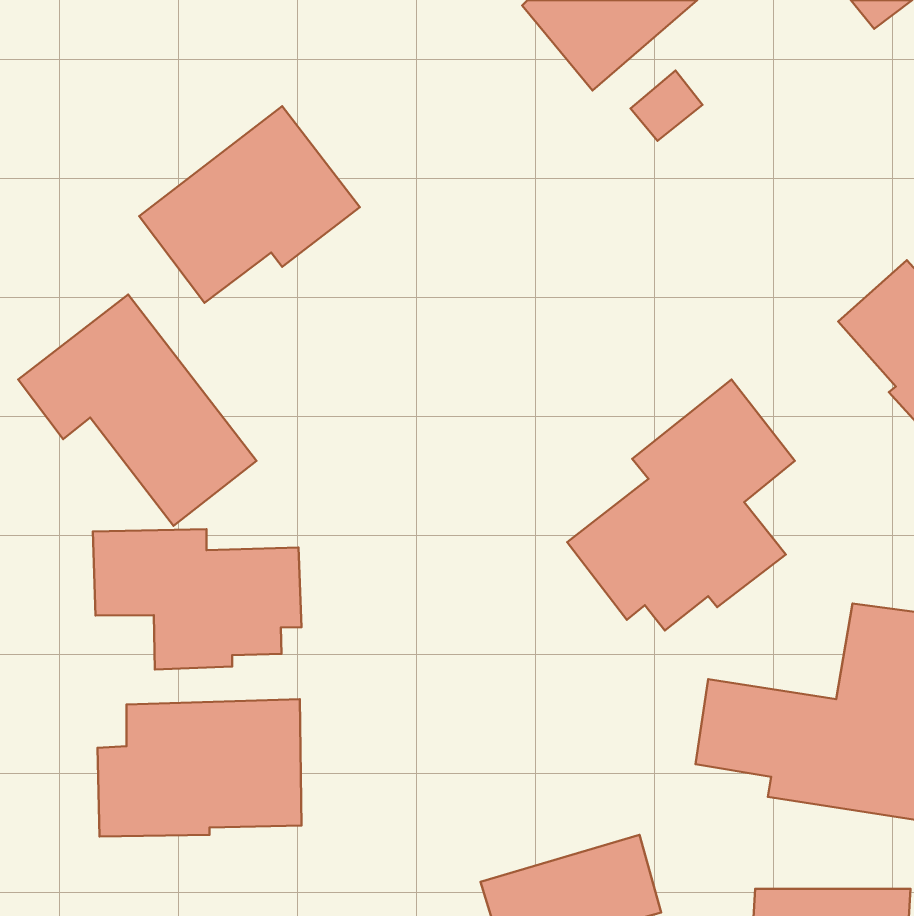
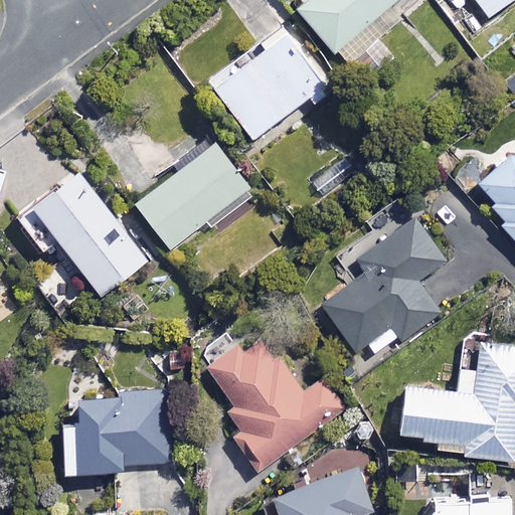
building: none -> [208,25,333,140]
building: [139,106,360,303] -> [134,140,256,249]
building: [93,529,301,670] -> none
building: none -> [208,324,349,474]

